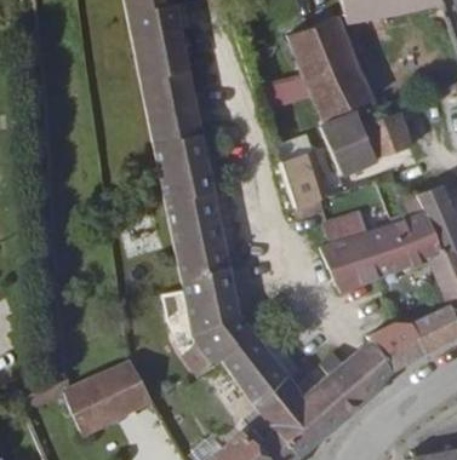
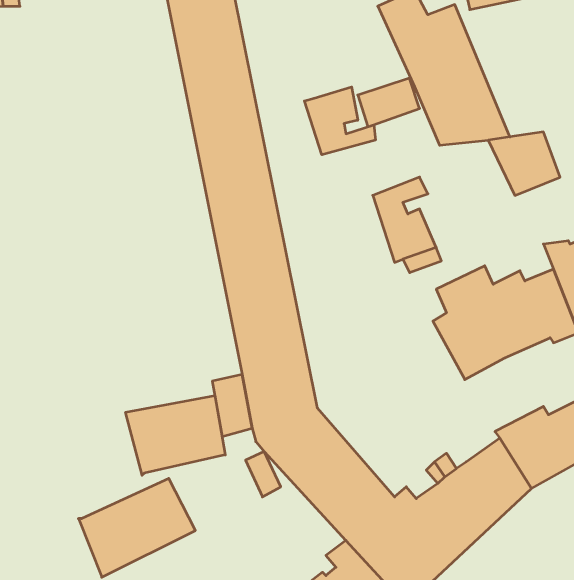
building: none -> [304,87,375,155]
building: [324,125,379,177] -> none
building: none -> [126,395,225,475]

